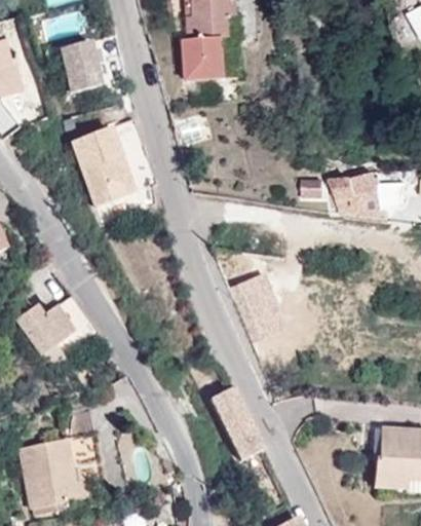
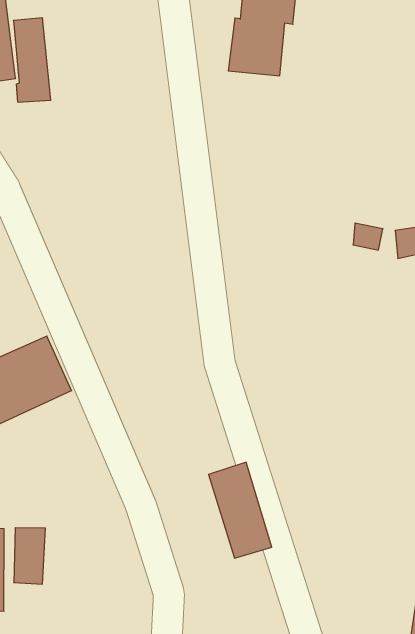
building: [64,38,104,99] -> none
building: [72,124,139,217] -> none

